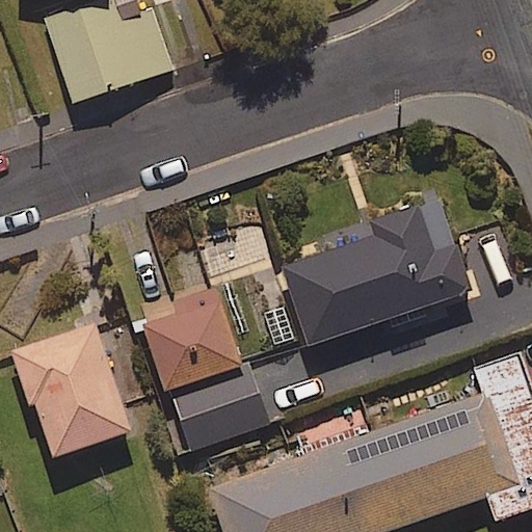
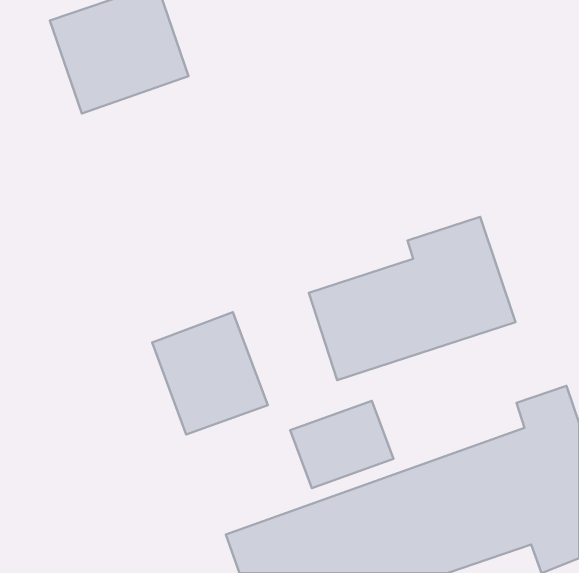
building: [11,321,133,462] -> none
building: [170,371,265,451] -> [290,401,393,488]

